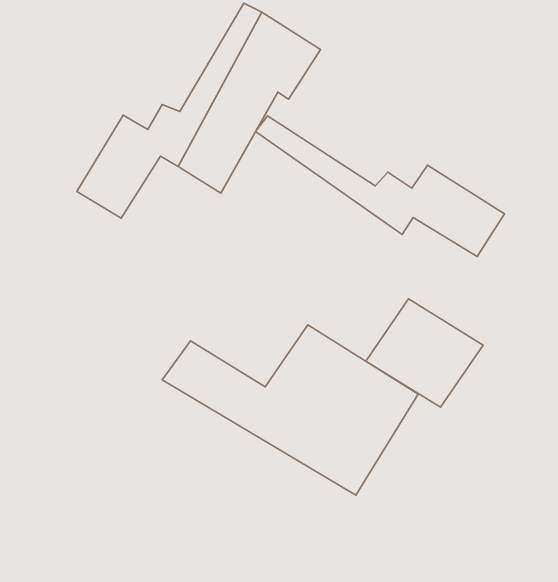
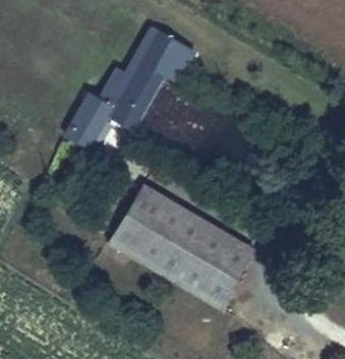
building: [256,116,505,257] -> none
building: [366,299,483,407] -> [123,183,190,245]

